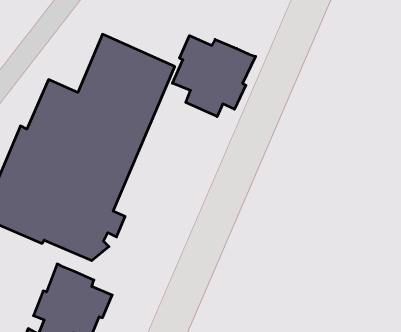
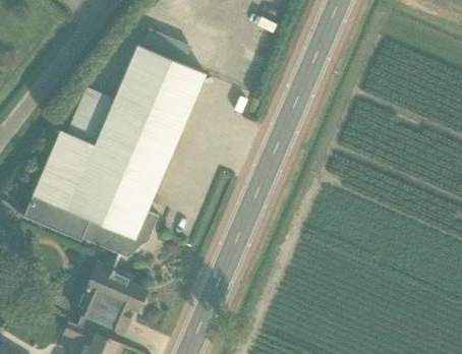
building: [172,36,256,117] -> none

